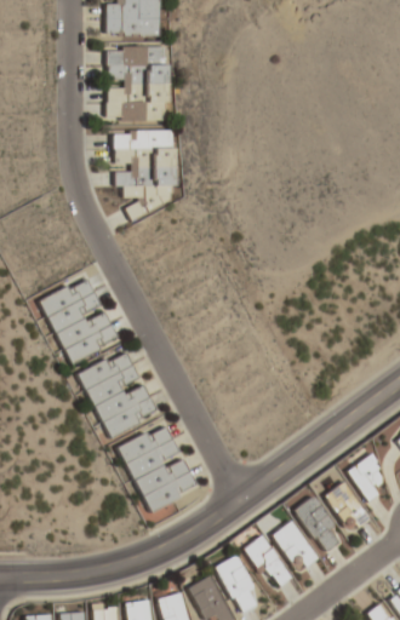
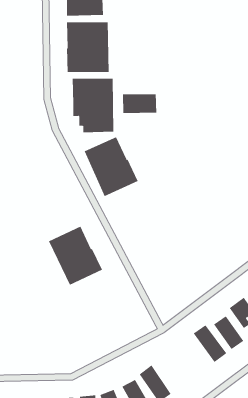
building: none -> [123,93,157,114]
building: [40,276,121,366] -> [84,136,138,197]
building: [119,424,199,512] -> none
building: [272,521,318,567] -> none
building: [244,535,291,586] -> none

